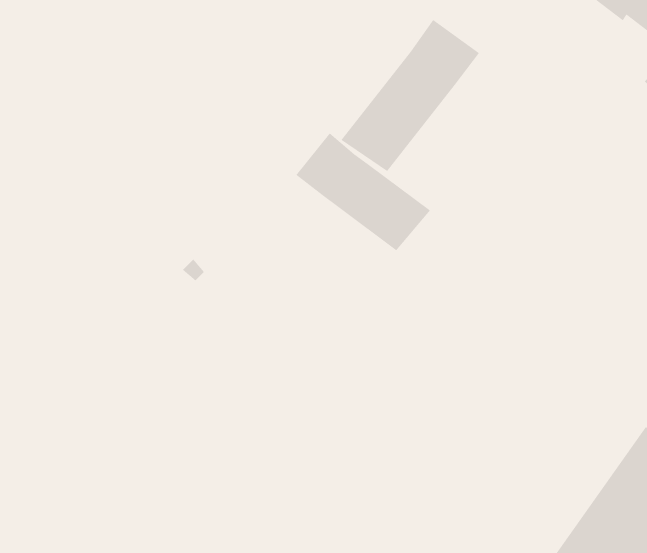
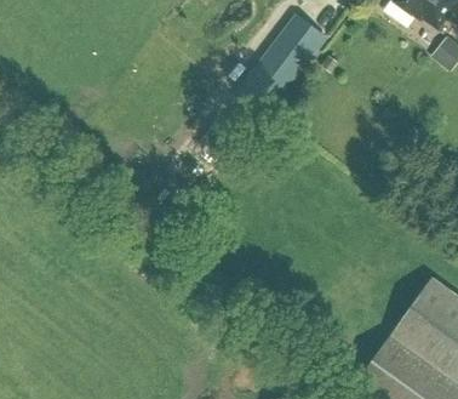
building: [295,133,431,251] -> none

